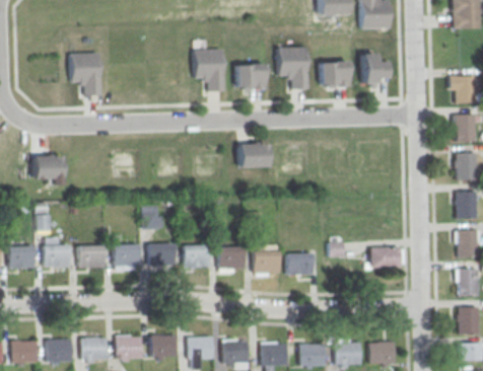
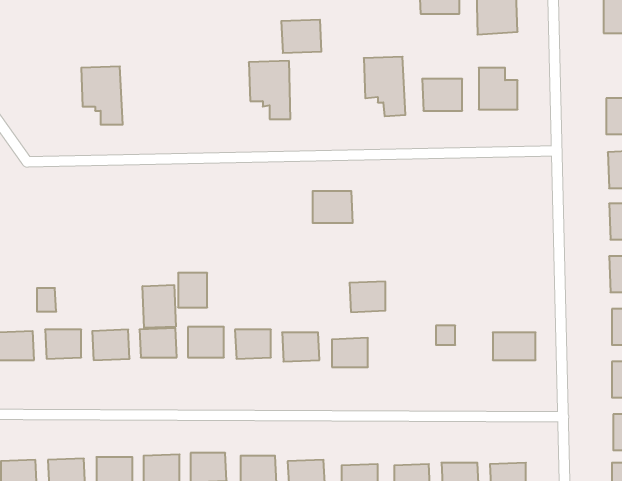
building: [235,63,265,87] -> [281,20,321,53]
building: [32,156,62,179] -> none
building: none -> [143,285,176,328]
building: [286,252,313,275] -> [349,282,385,312]

